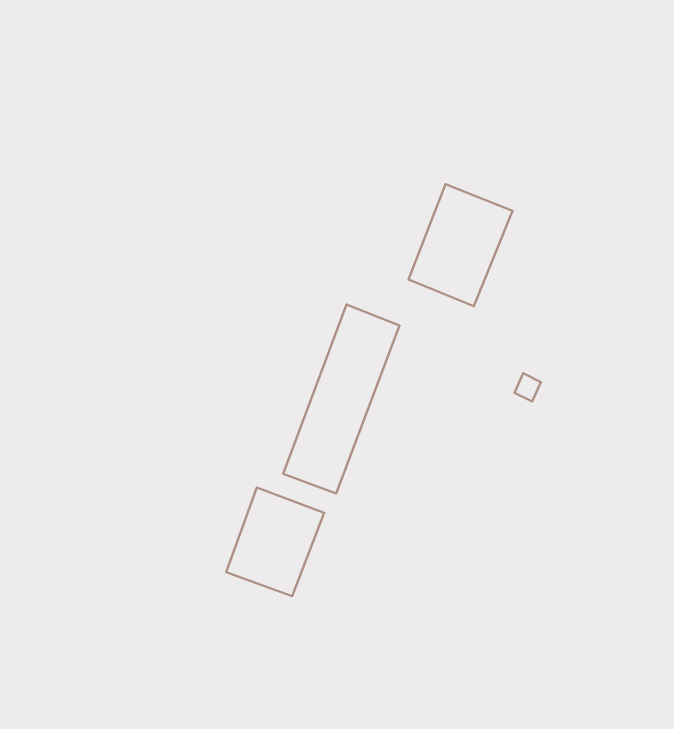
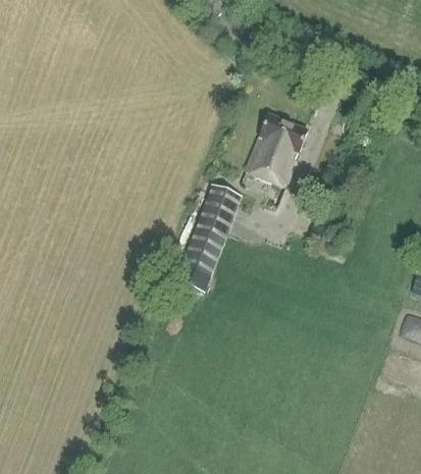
building: [226,488,324,596] -> none

